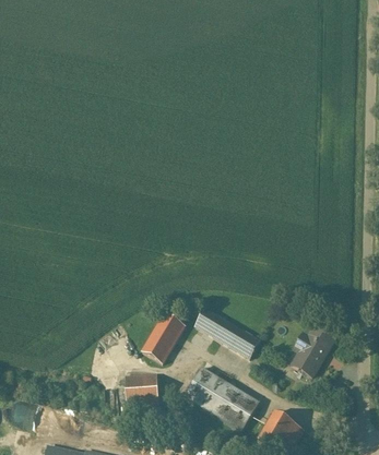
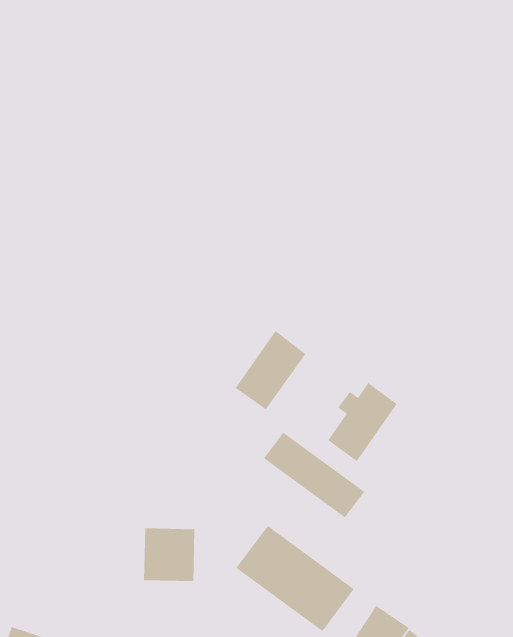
building: [142,312,185,362] -> [235,330,306,410]
building: [292,326,333,376] -> [328,382,398,462]

